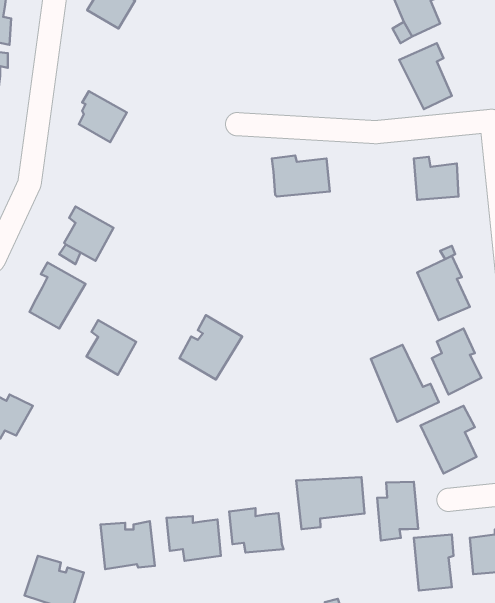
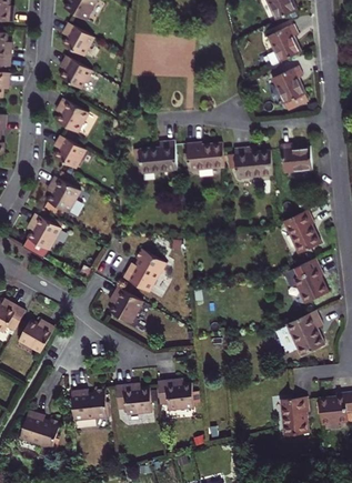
building: none -> [59,56,91,89]
building: none -> [53,134,84,168]
building: none -> [132,143,177,172]
building: none -> [228,147,272,177]
building: [87,320,136,375] -> [109,286,142,323]
building: [371,345,439,422] -> none
building: none -> [18,319,54,352]
building: [296,477,364,529] -> none
building: [377,482,418,541] -> none

